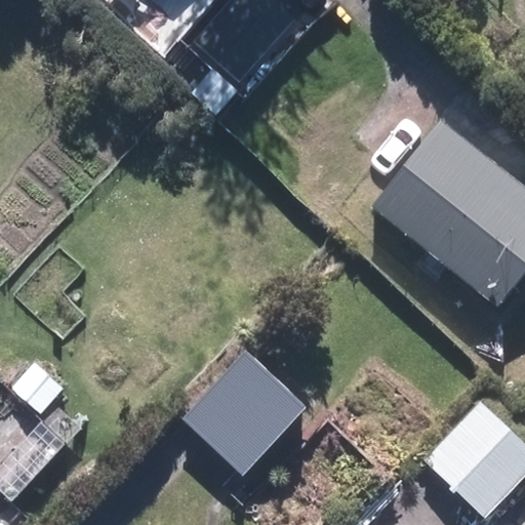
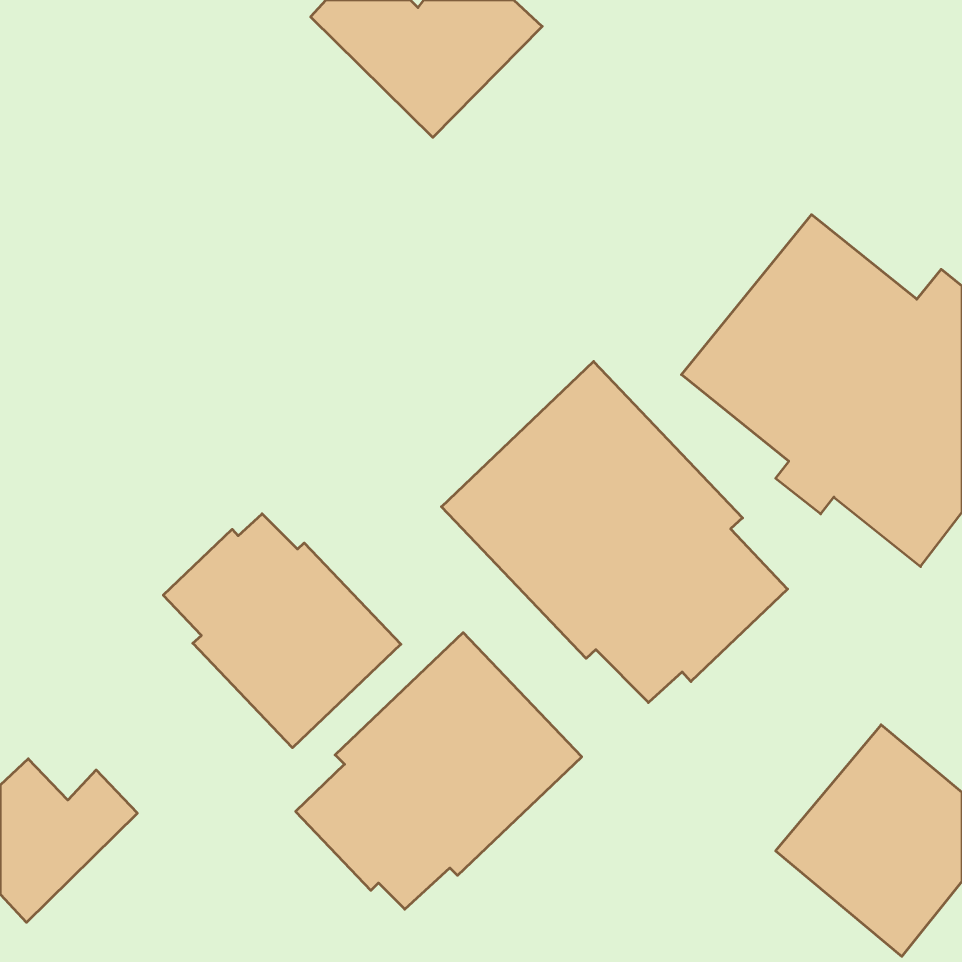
building: none -> [441,361,788,703]
building: none -> [163,514,401,748]

